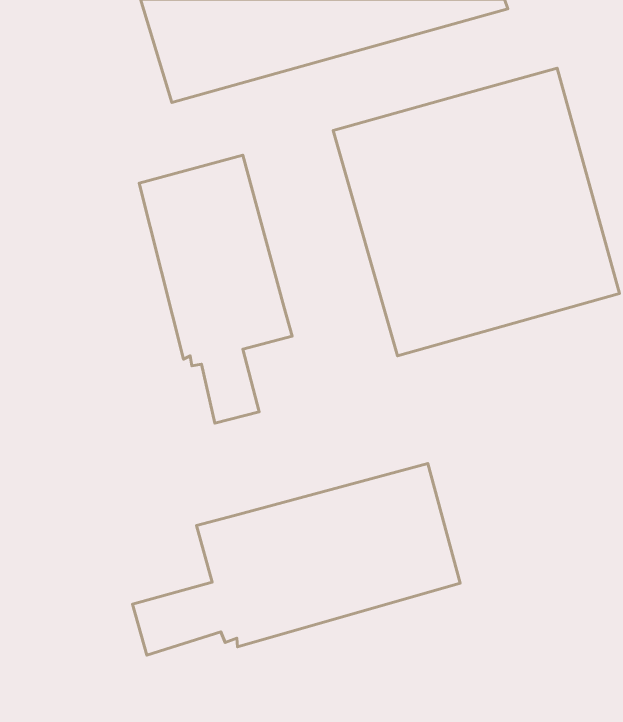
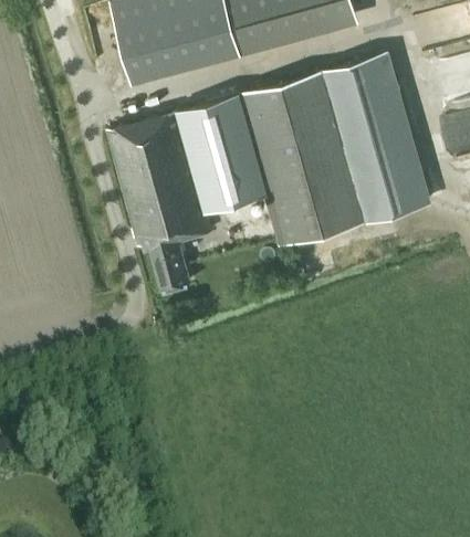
building: none -> [178,97,267,215]
building: [133,464,460,655] -> none

